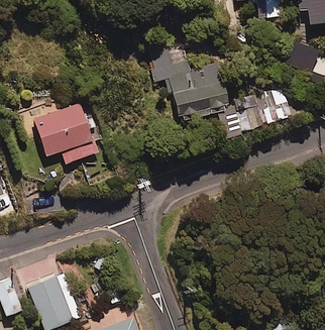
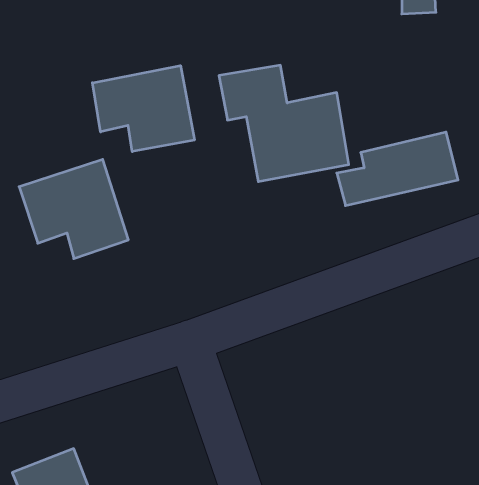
building: none -> [92,66,194,152]

